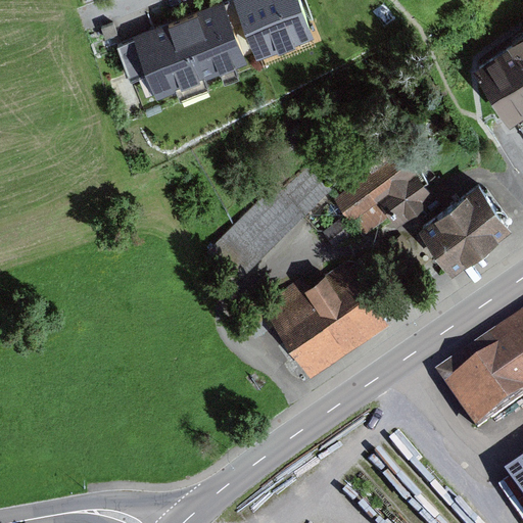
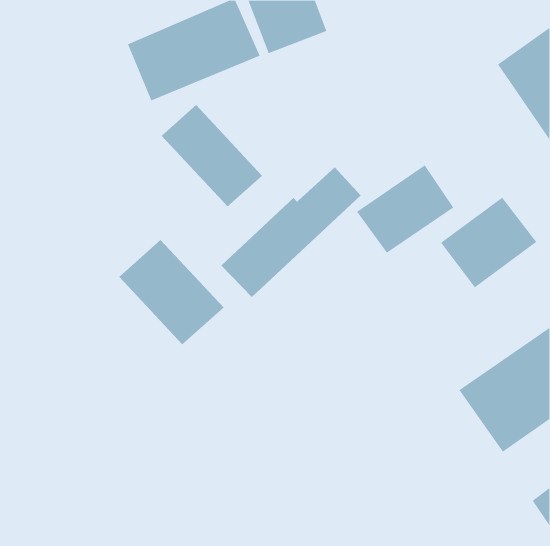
building: none -> [161,104,263,207]
building: none -> [119,239,224,345]
building: [273,266,387,373] -> none

